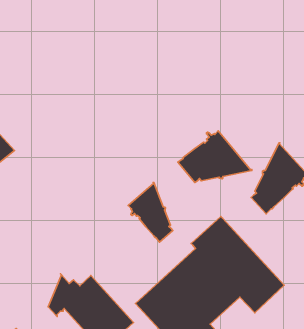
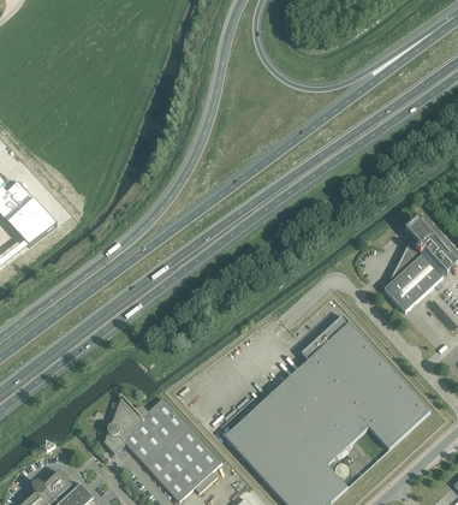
building: [178,131,252,183] -> none
building: [128,183,173,242] -> none

